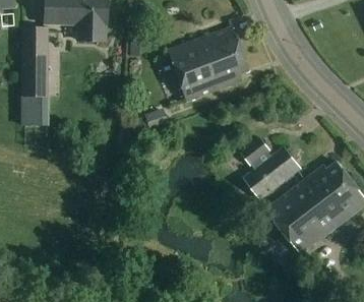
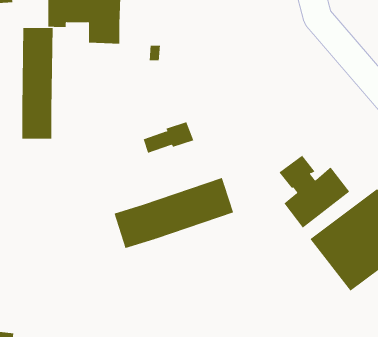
building: [167,27,247,102] -> none
building: none -> [114,177,234,249]

